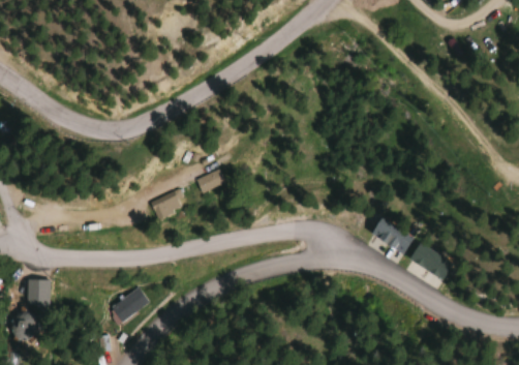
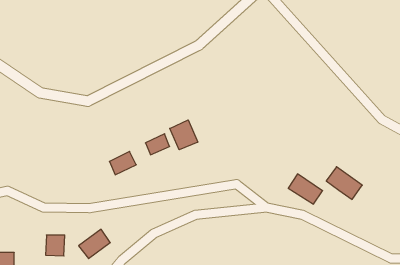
building: none -> [170,120,198,150]
building: [410,242,455,282] -> [326,167,362,199]
building: [28,279,52,305] -> [46,235,65,256]

